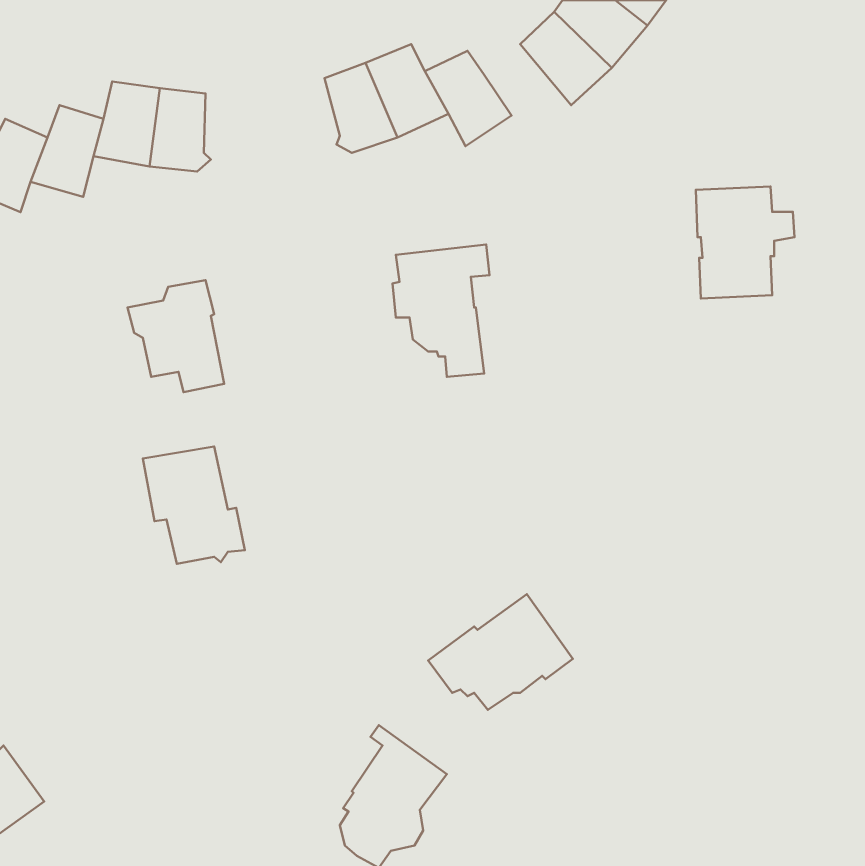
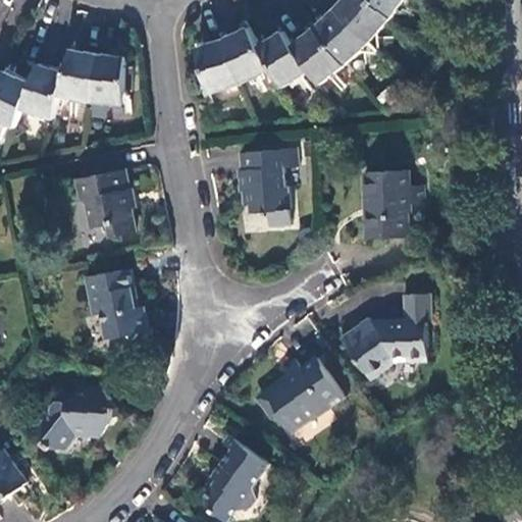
building: none -> [291,28,343,85]
building: [696,186,794,298] -> [362,171,421,239]
building: none -> [340,294,430,379]
building: none -> [39,387,117,451]

